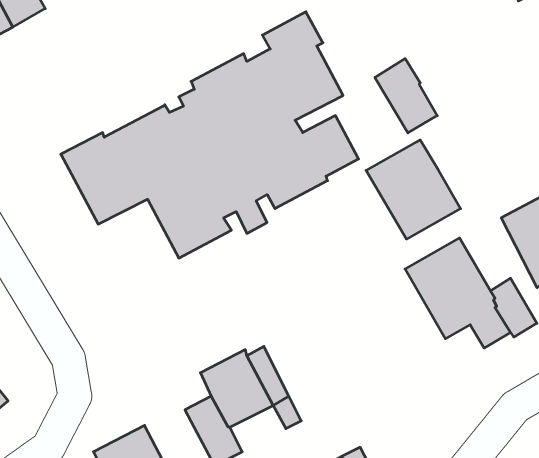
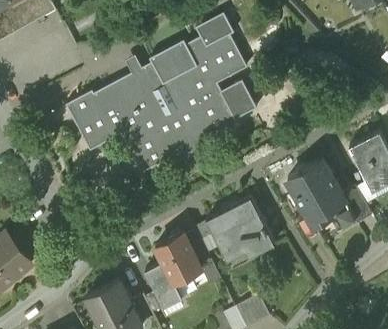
building: [375,59,437,133] -> none
building: [366,140,461,239] -> none
building: none -> [206,197,274,260]

